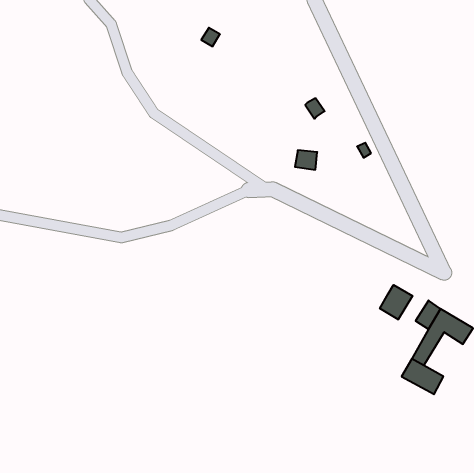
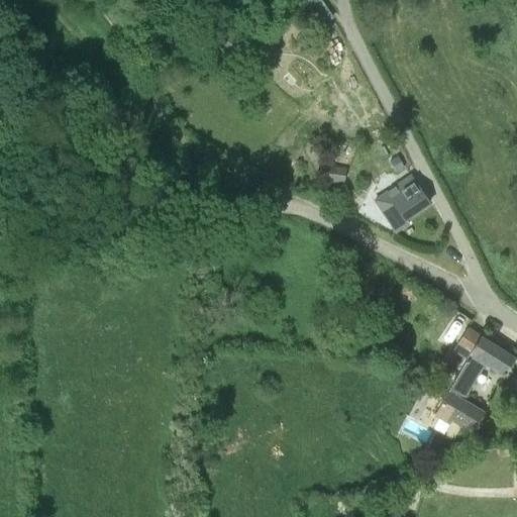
building: none -> [375,176,428,230]
building: [380,285,412,320] -> none

